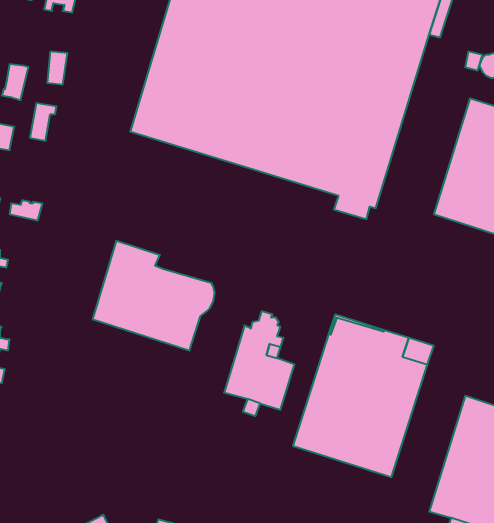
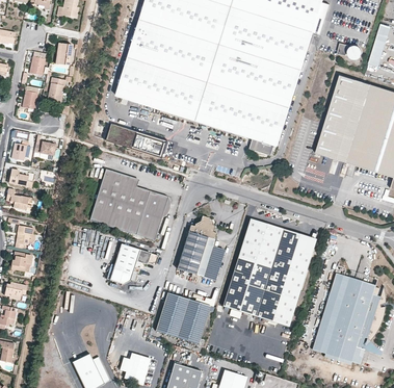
building: none -> [106,122,166,157]
building: none -> [110,243,158,284]
building: none -> [156,292,209,344]

